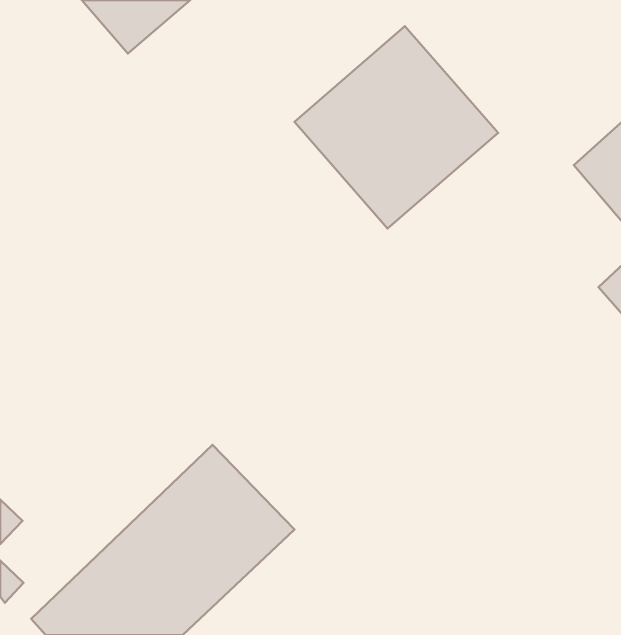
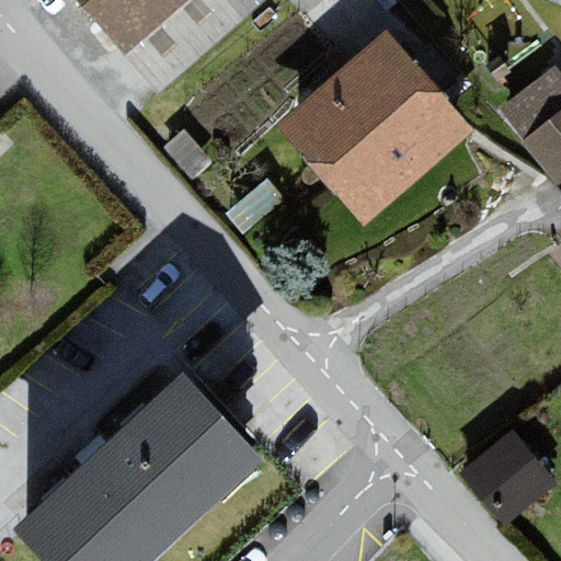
building: none -> [465,433,552,520]

